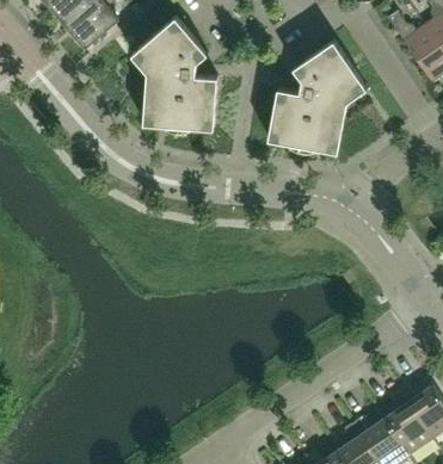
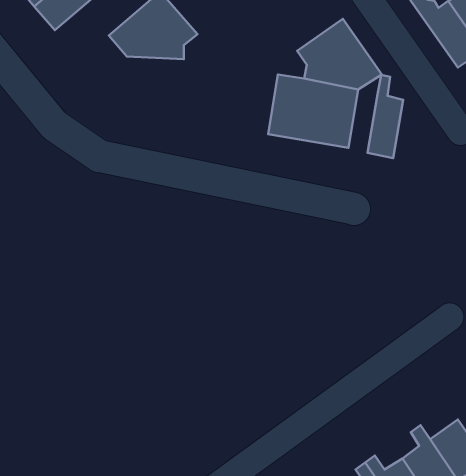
building: [143,73,217,129] -> none
building: none -> [367,75,403,158]

